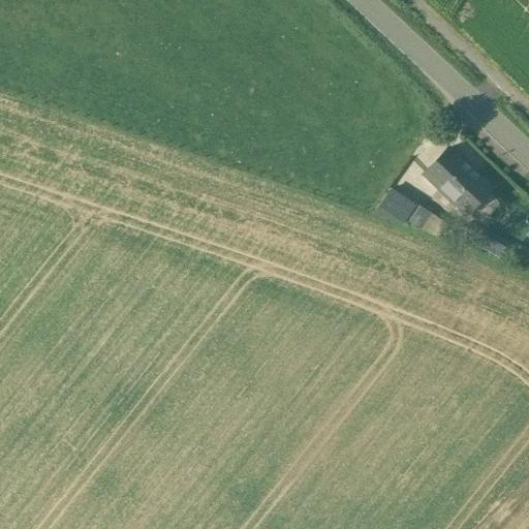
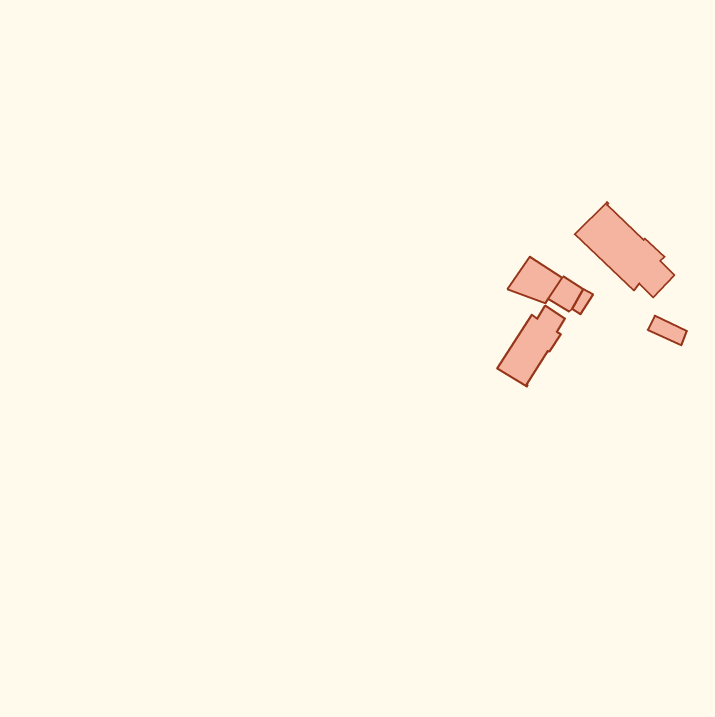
building: none -> [497,306,565,387]

